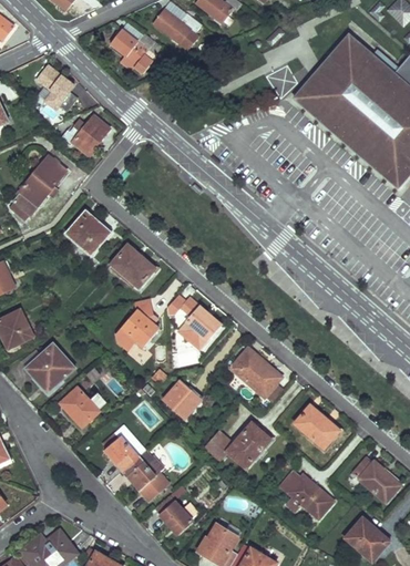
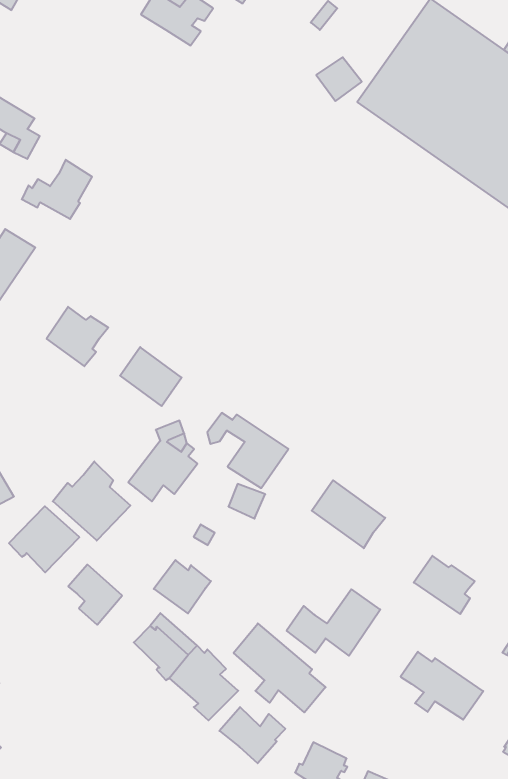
building: [110,30,162,73] -> none
building: none -> [53,461,130,541]
building: [163,381,202,418] -> [154,560,211,613]
building: none -> [234,623,326,712]

